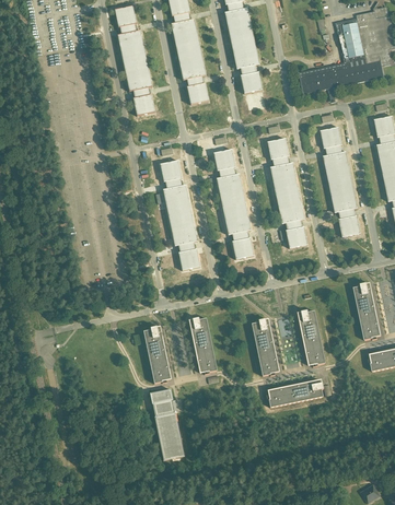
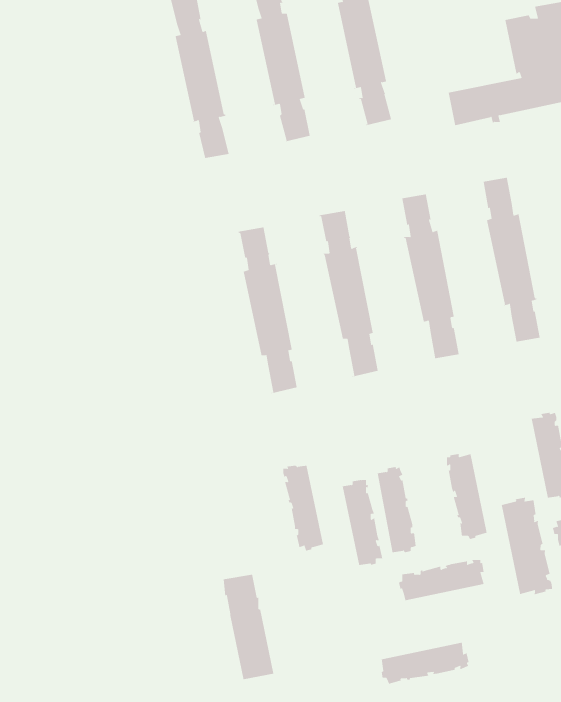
building: [143,326,171,383] -> [342,480,383,566]
building: none -> [501,497,553,595]
building: none -> [381,642,469,685]

